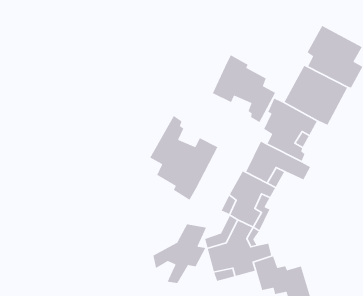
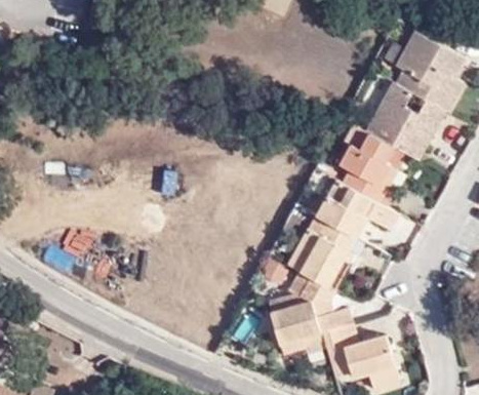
building: [212,54,276,123] -> none
building: [149,115,219,201] -> none
building: [152,223,207,284] -> none

